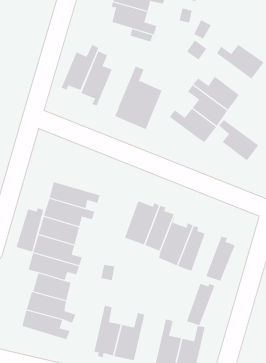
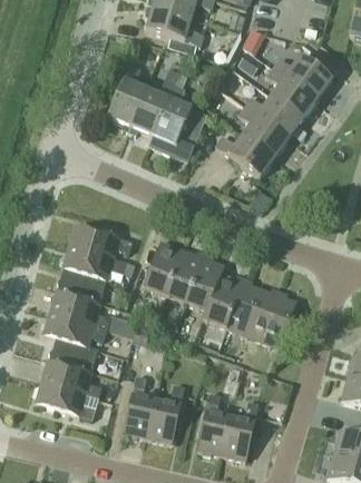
building: [61,44,99,91] -> [128,78,175,135]
building: [218,119,259,161] -> [267,67,318,118]
building: none -> [143,240,178,293]
building: [16,207,44,253] -> none
building: [186,283,215,326] -> [244,287,280,339]

